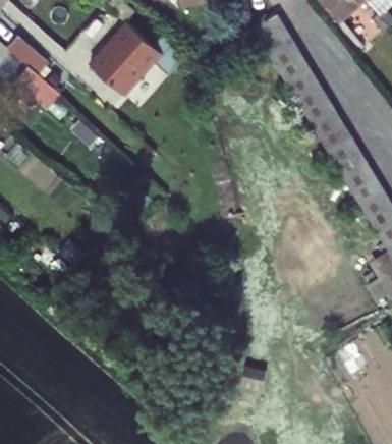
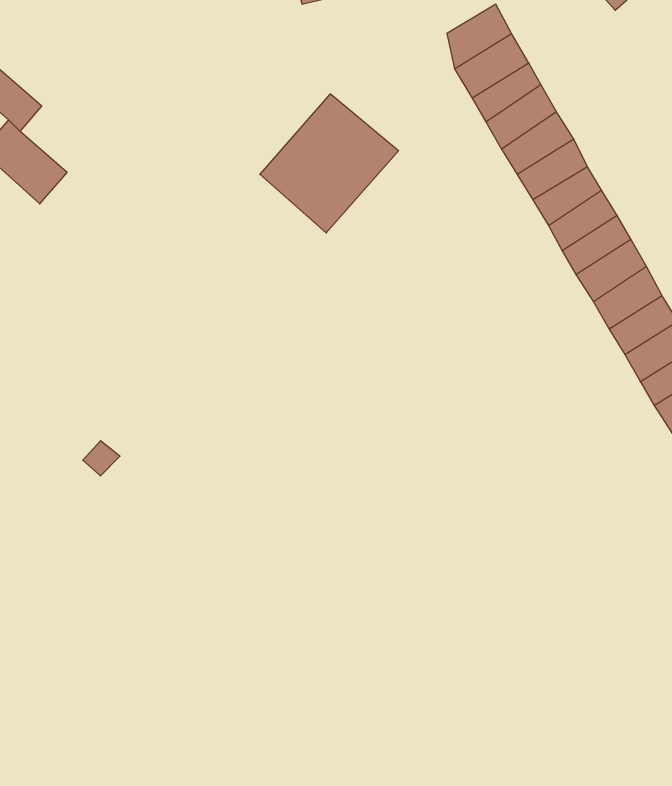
building: [88,23,160,96] -> [260,94,399,233]

